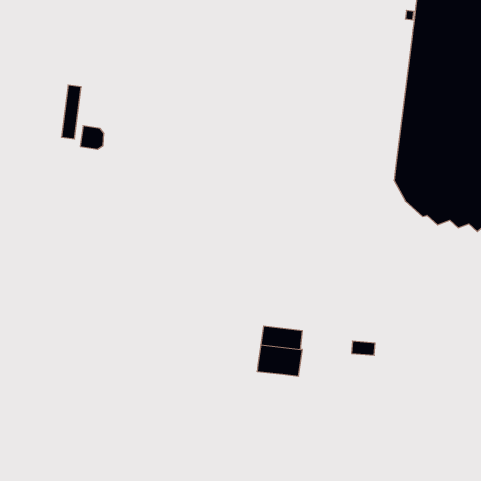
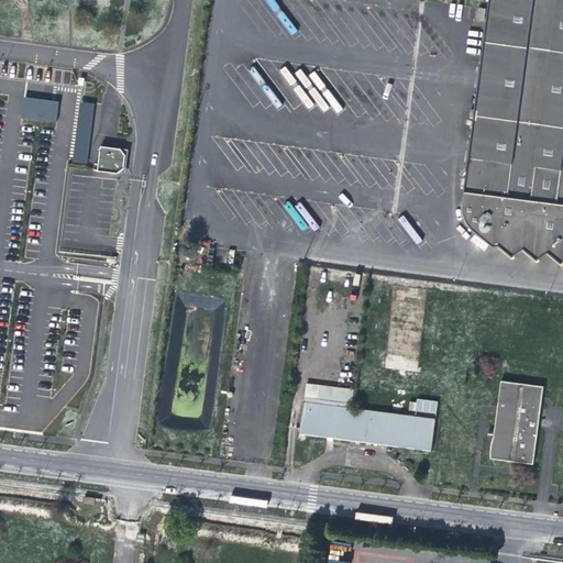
building: none -> [22,95,60,120]
building: none -> [492,385,544,467]
building: none -> [350,407,448,450]

